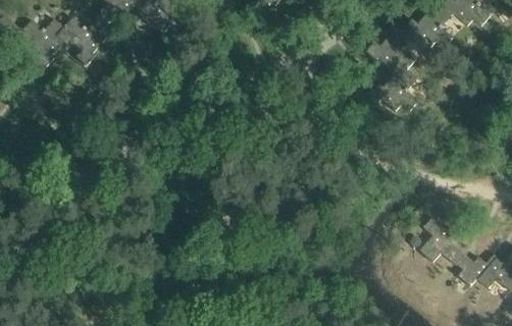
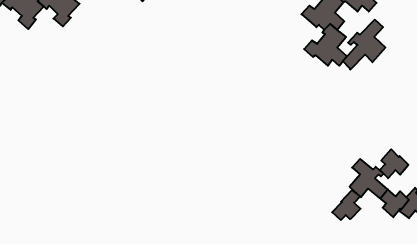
building: none -> [343,20,385,70]
building: none -> [380,149,408,178]
building: none -> [332,190,361,220]

